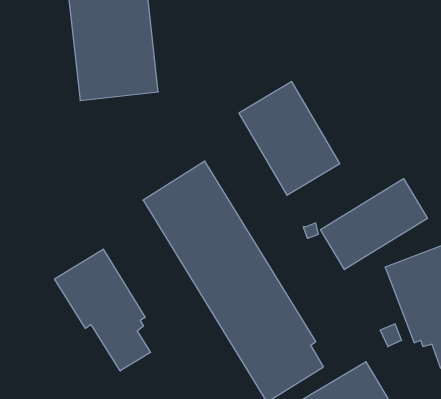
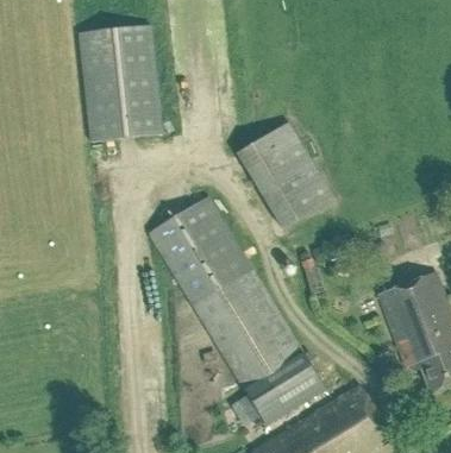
building: [321,179,427,270] -> none
building: [55,249,151,371] -> none

